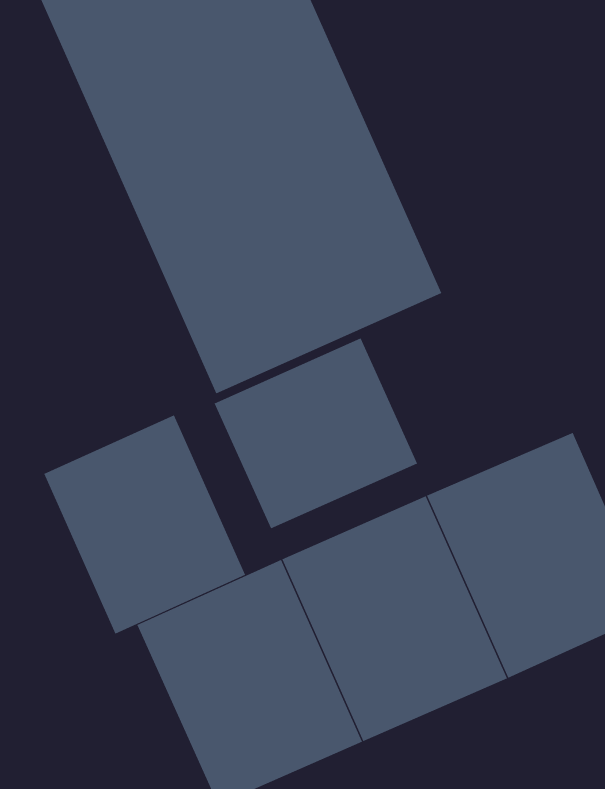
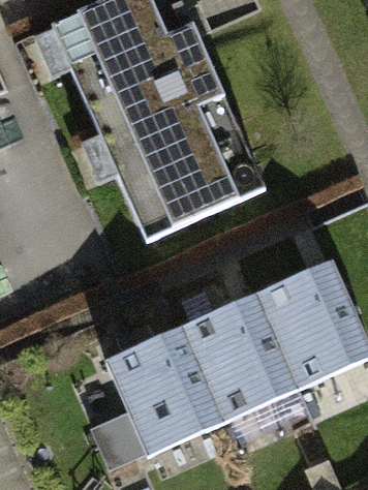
building: [214,338,418,529] -> none
building: [43,414,246,634] -> none

